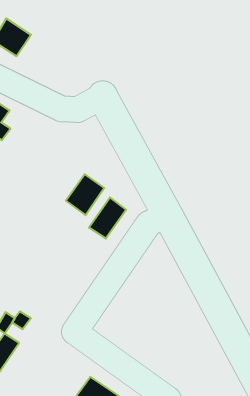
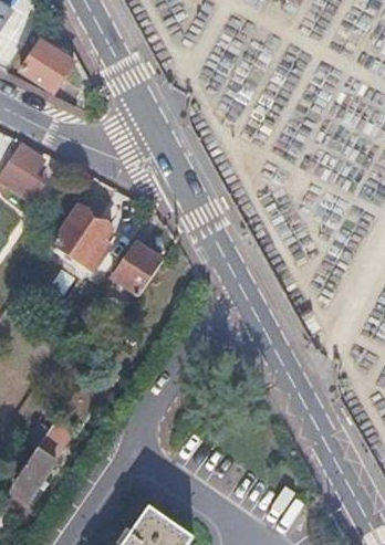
building: none -> [55,207,114,271]
building: [89,197,126,239] -> none

